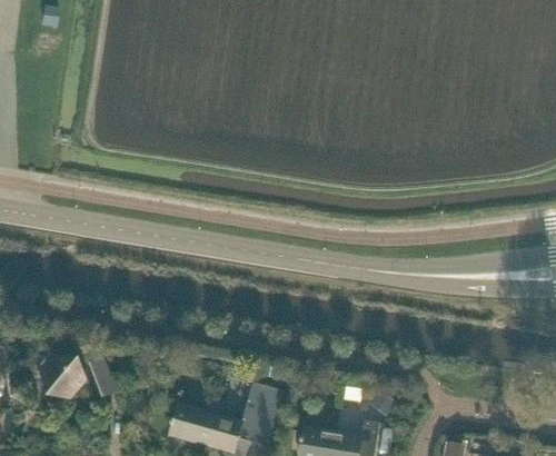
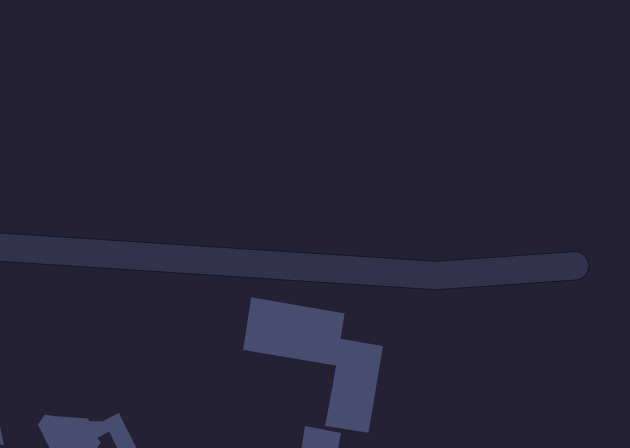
building: none -> [243,297,383,433]

